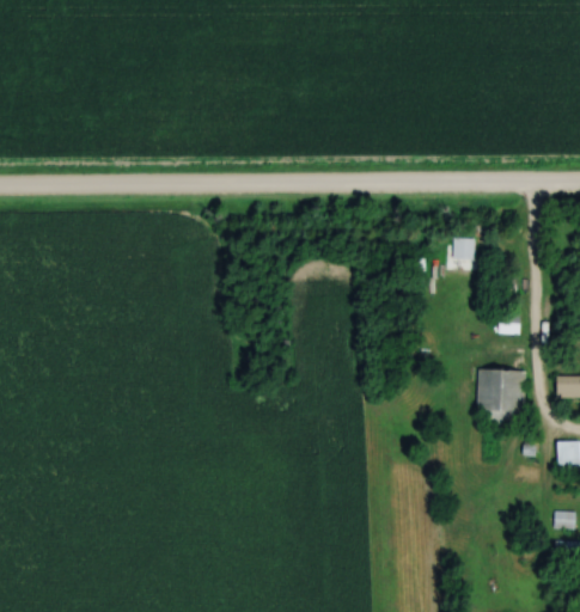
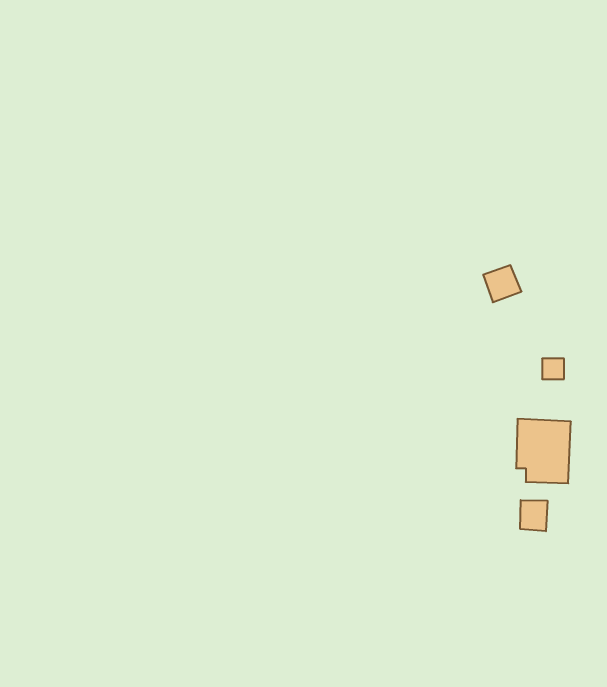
building: none -> [520,500,547,531]

